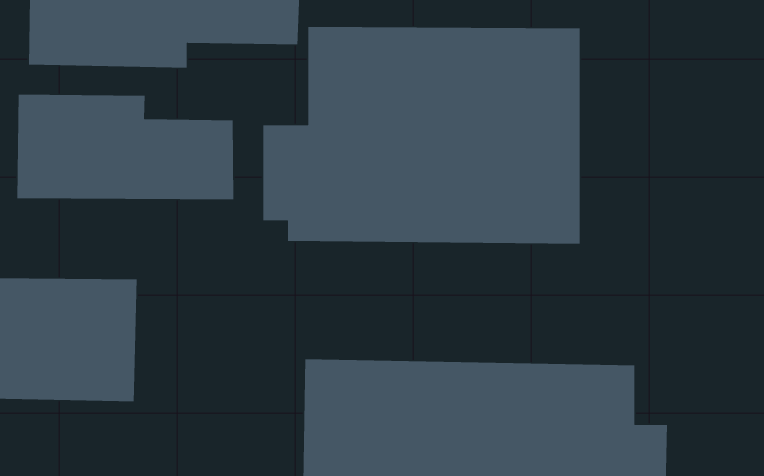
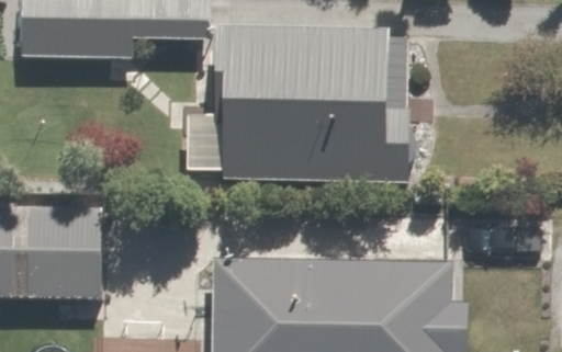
building: [16,94,234,200] -> none

